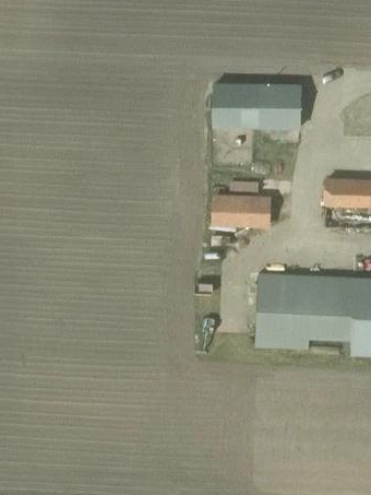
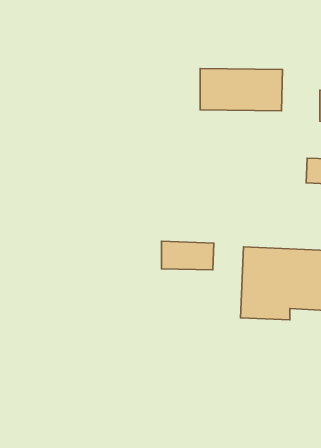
building: [213,197,268,227] -> [161,241,214,270]

